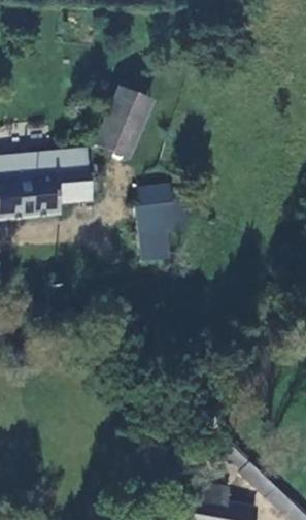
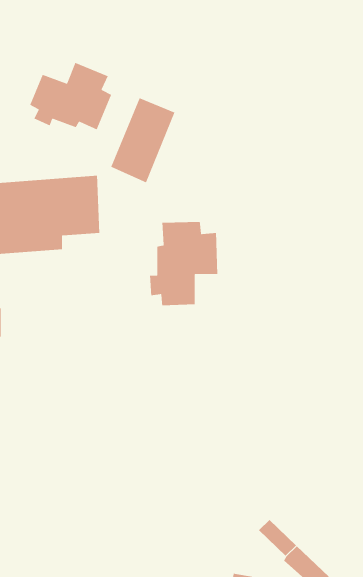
building: none -> [29,62,112,131]

